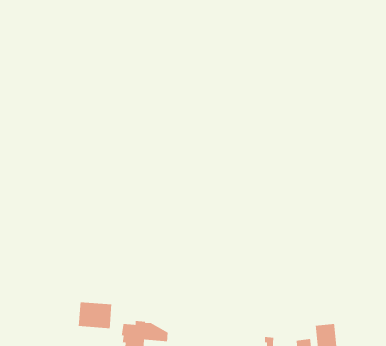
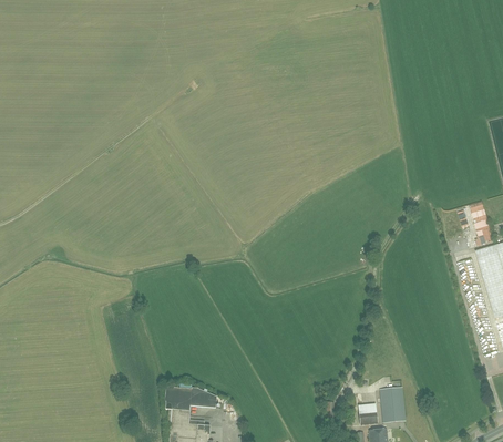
building: [78,301,112,329] -> none

